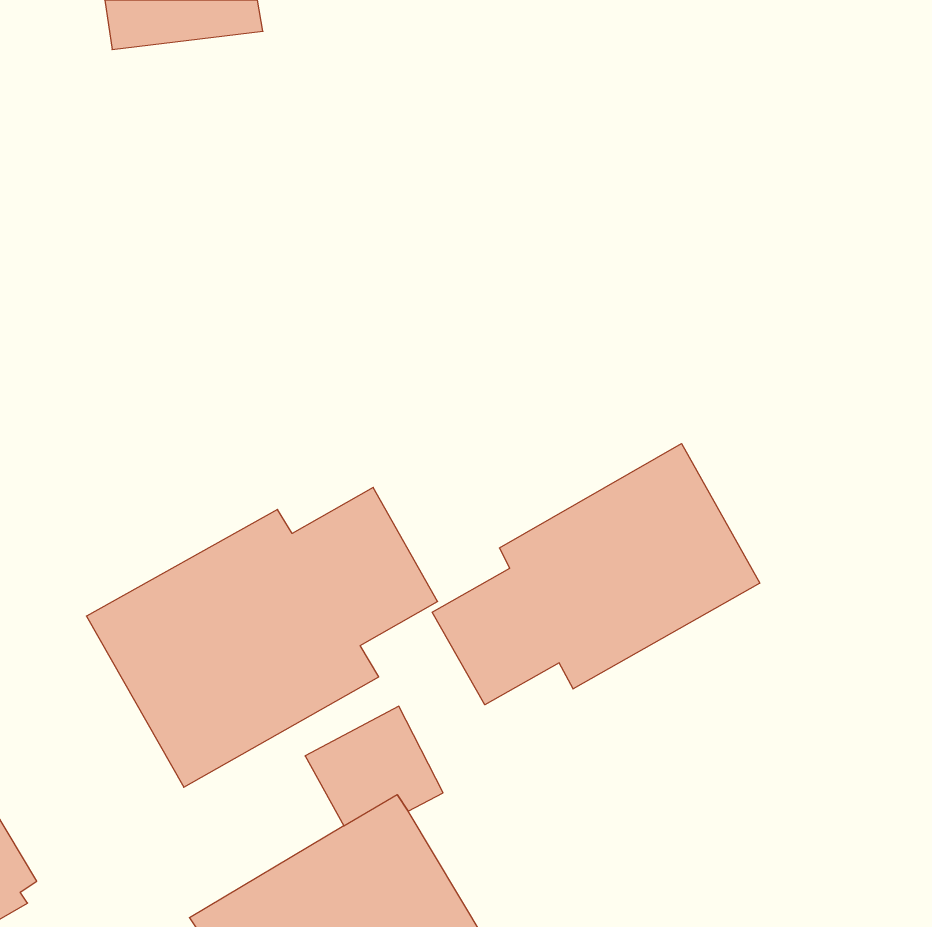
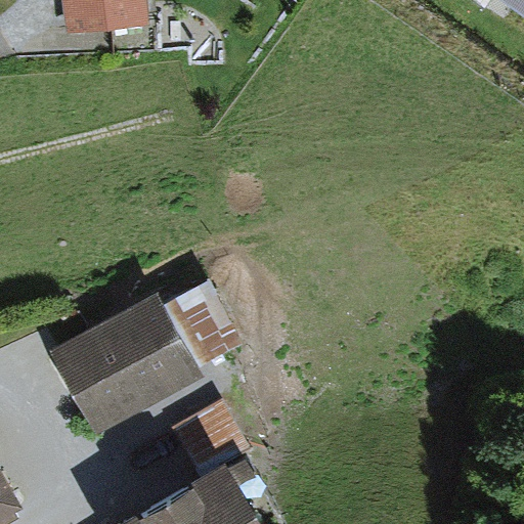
building: [432,444,760,705] -> none

